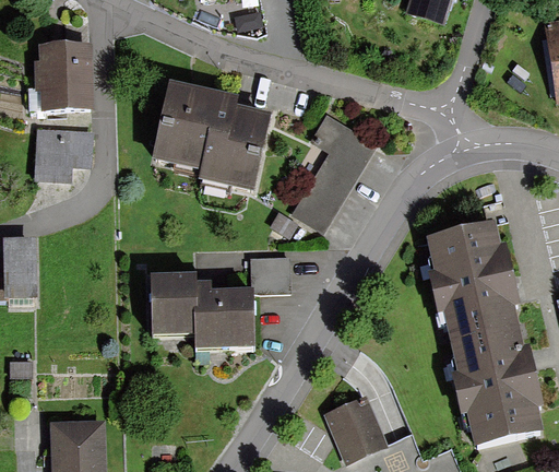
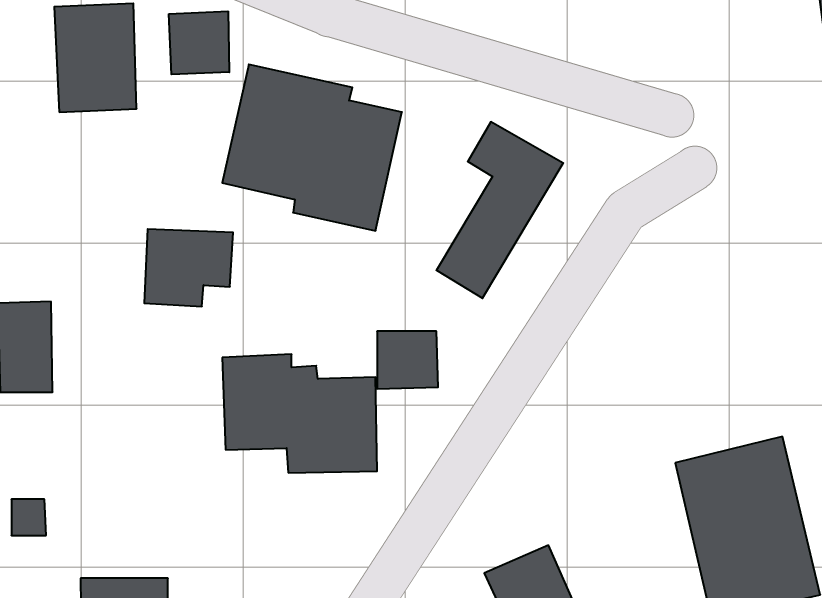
building: none -> [169,11,229,74]
building: [34,131,93,182] -> [144,229,233,306]
building: [426,219,521,343] -> none

